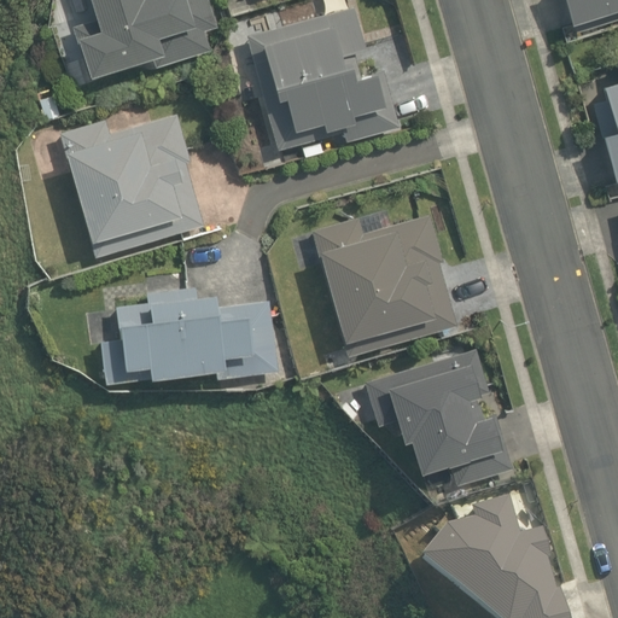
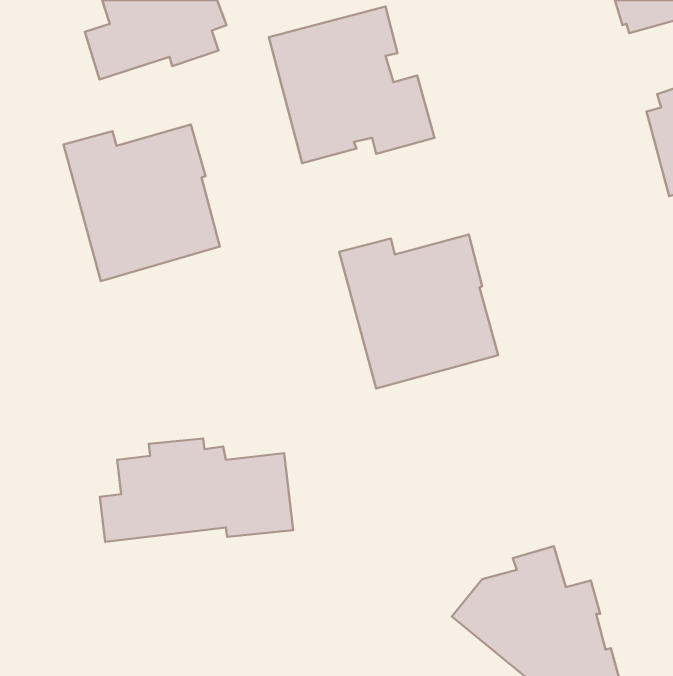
building: [101,288,278,383] -> [100,439,293,542]
building: [365,349,511,485] -> none

